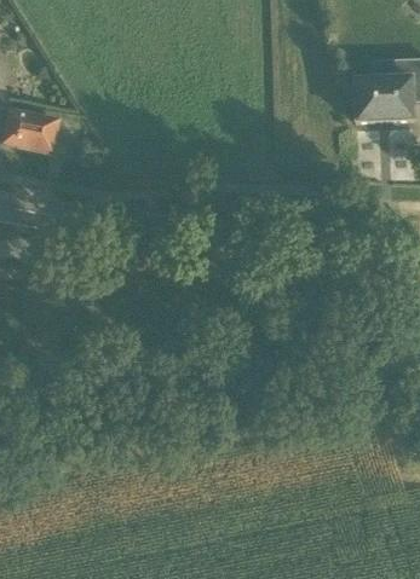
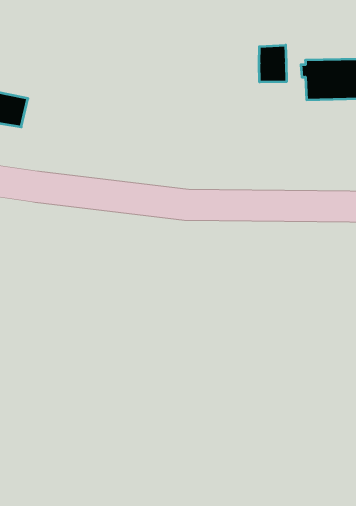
building: none -> [259,45,286,82]

